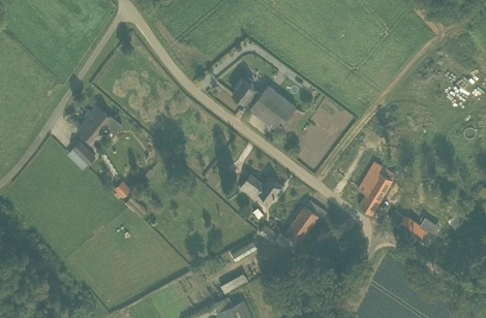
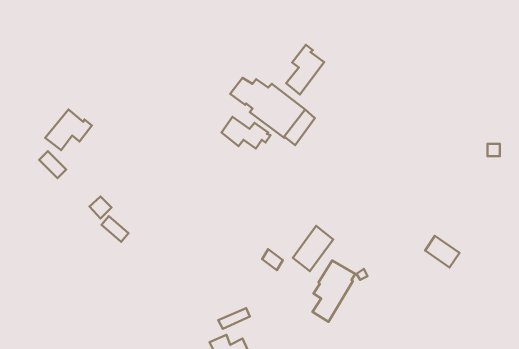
building: none -> [286,45,324,94]
building: [358,163,394,215] -> [312,260,355,322]
building: [240,174,281,201] -> [221,117,270,149]

